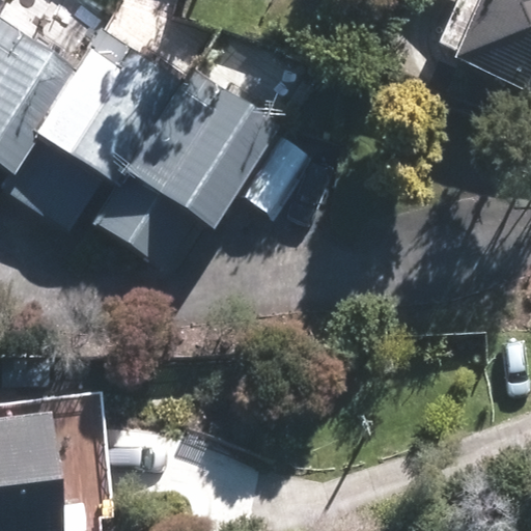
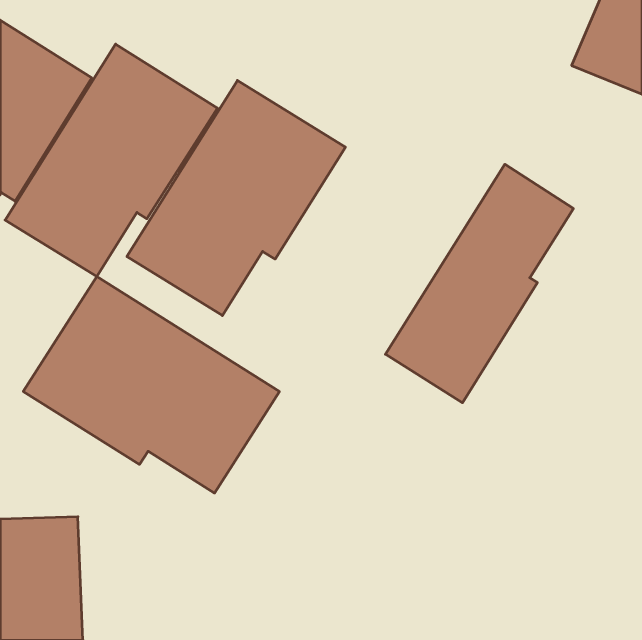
building: none -> [385,164,573,403]
building: none -> [23,277,279,493]

